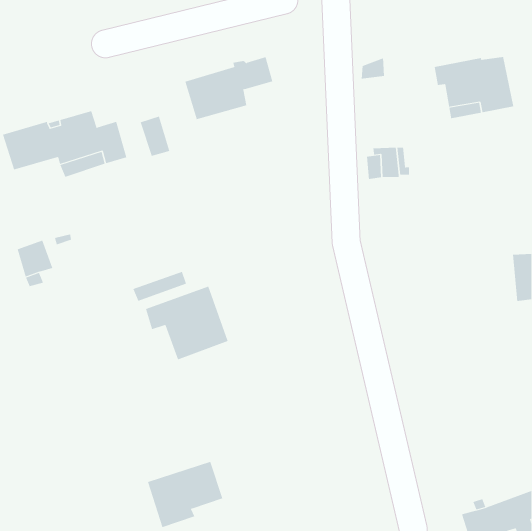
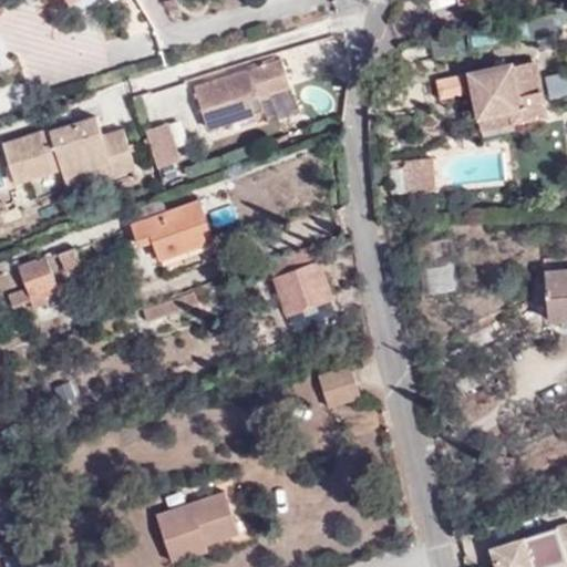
building: none -> [268,247,331,313]
building: [145,286,229,360] -> [131,198,219,277]
building: none -> [318,364,358,406]

